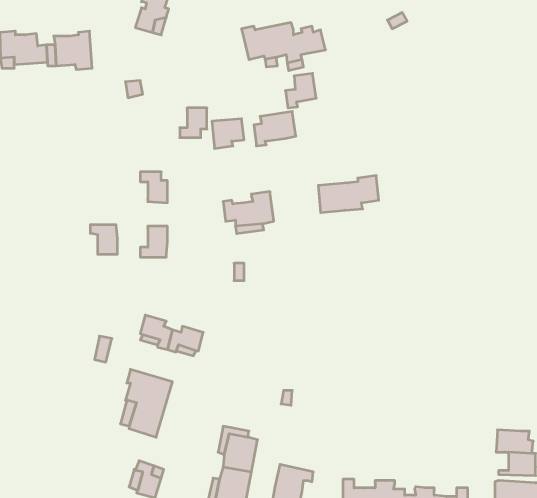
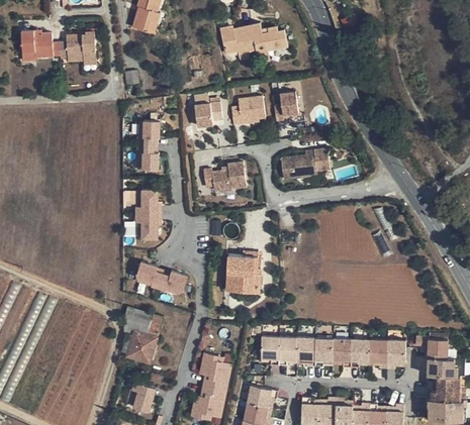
building: [285,73,316,108] -> [272,93,297,121]
building: [180,108,207,138] -> [135,122,158,146]
building: [90,225,117,254] -> [135,216,158,240]
building: none -> [225,256,260,293]
building: none -> [260,337,405,369]
building: none -> [414,337,448,358]

